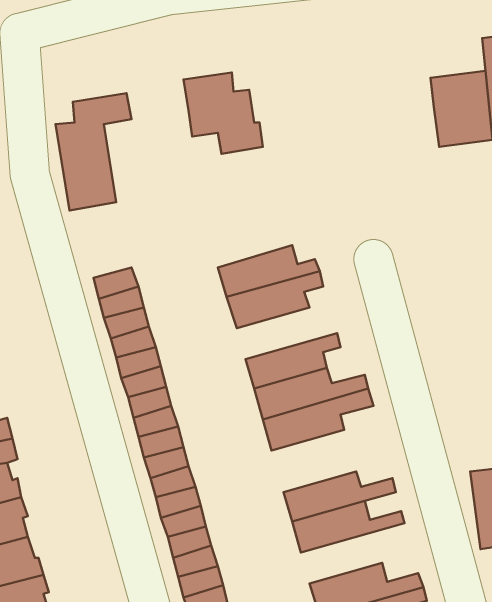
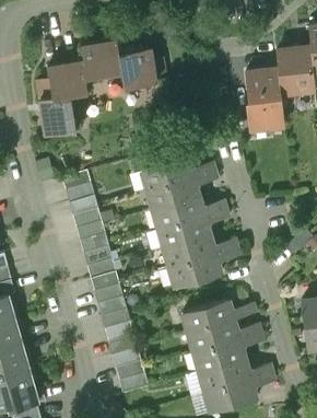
building: none -> [80,40,121,77]
building: none -> [244,69,283,129]
building: none -> [152,196,215,229]
building: none -> [192,333,260,371]

